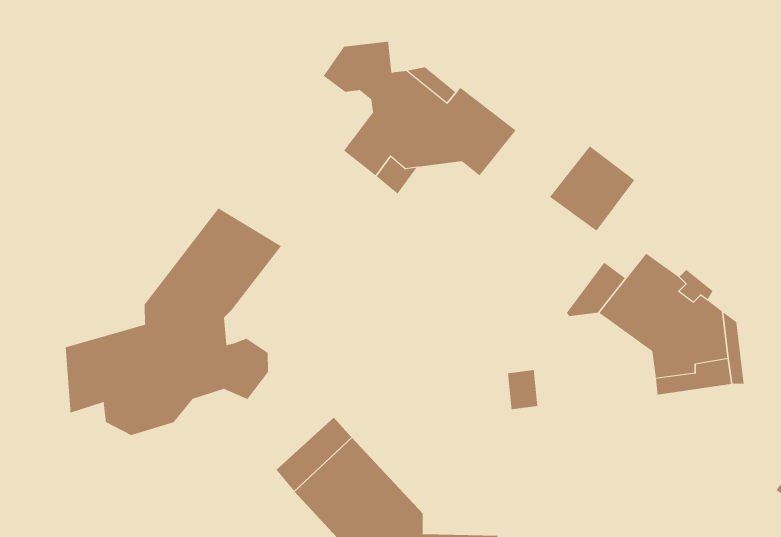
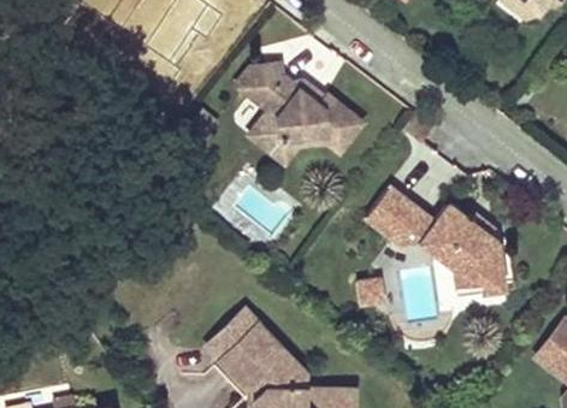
building: [549,146,635,231] -> [366,184,423,241]
building: [65,207,282,436] -> none

